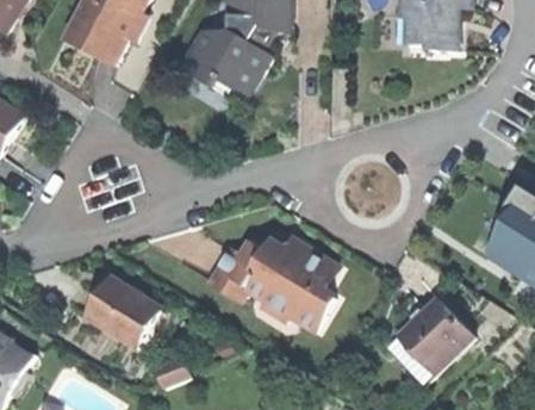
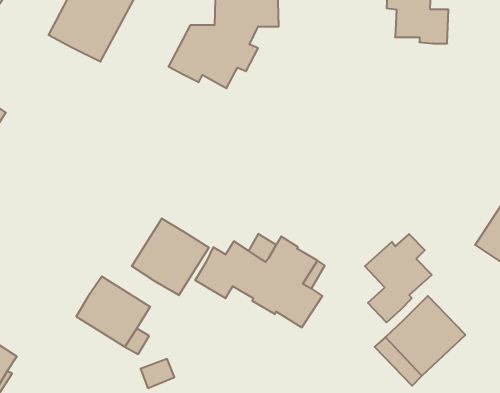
building: none -> [132,218,209,295]
building: none -> [365,234,432,322]

